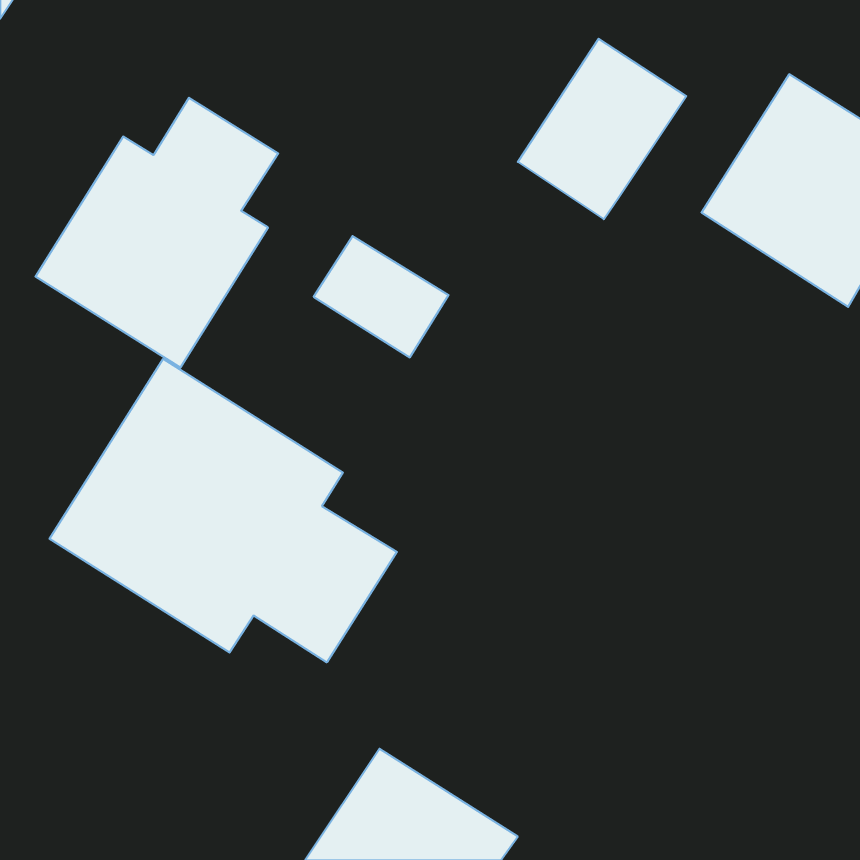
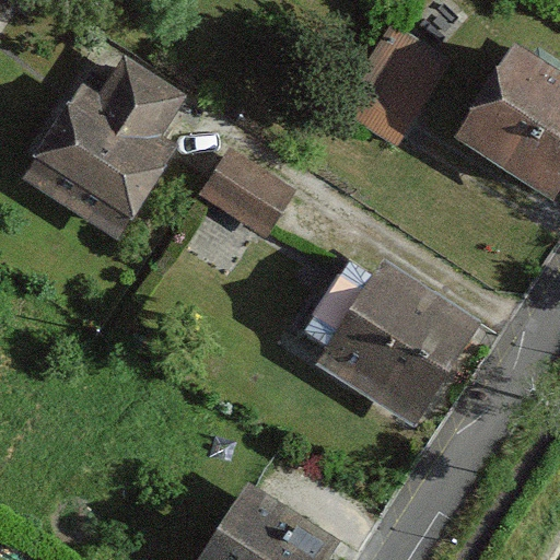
building: [50,359,397,662] -> none
building: none -> [310,261,481,424]

